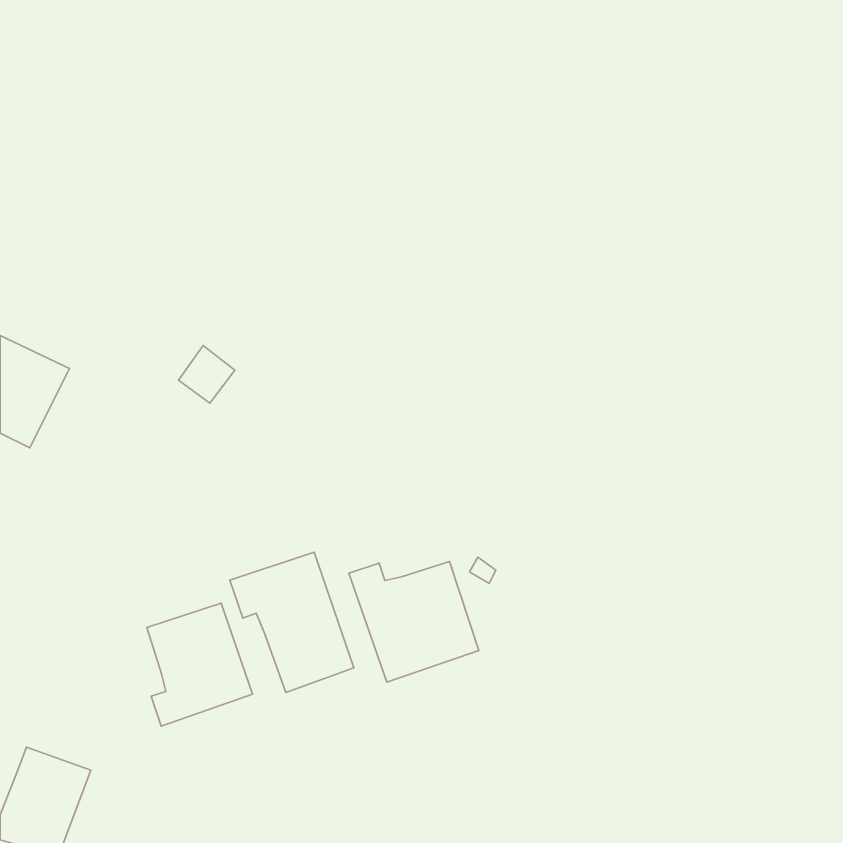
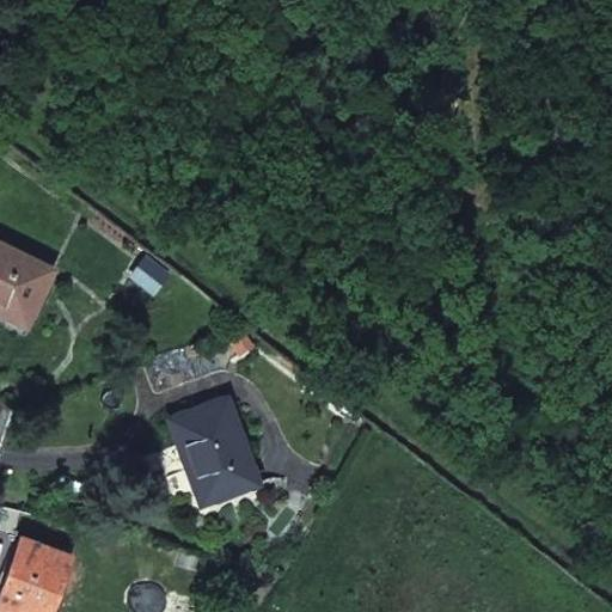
building: [349,562,479,682] -> none
building: [147,603,252,726] -> none

